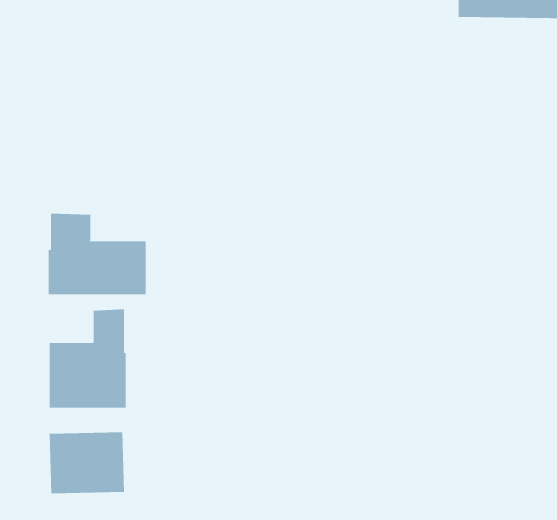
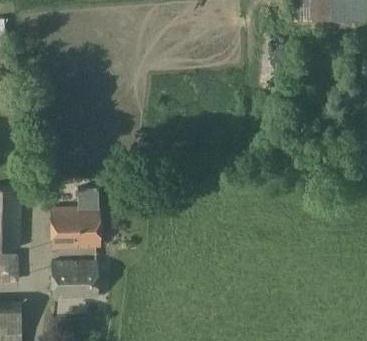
building: [48,213,146,295] -> none

